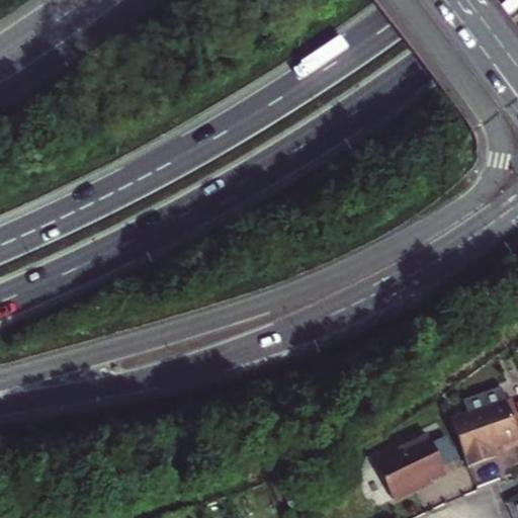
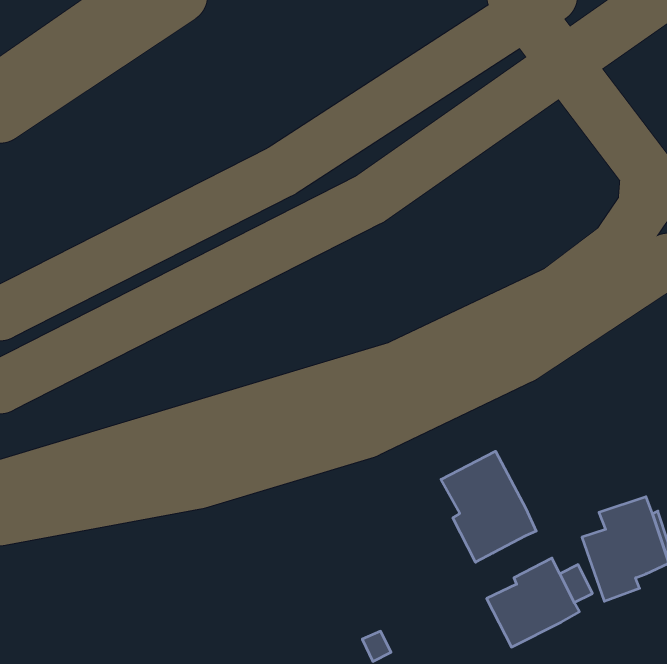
building: none -> [441,451,536,562]

